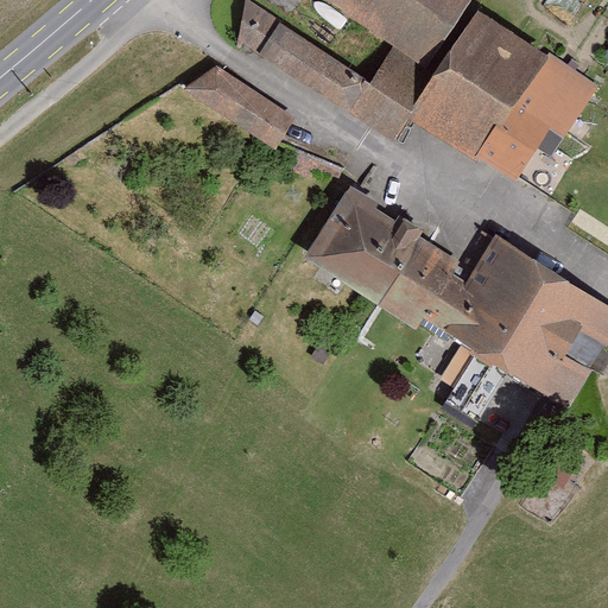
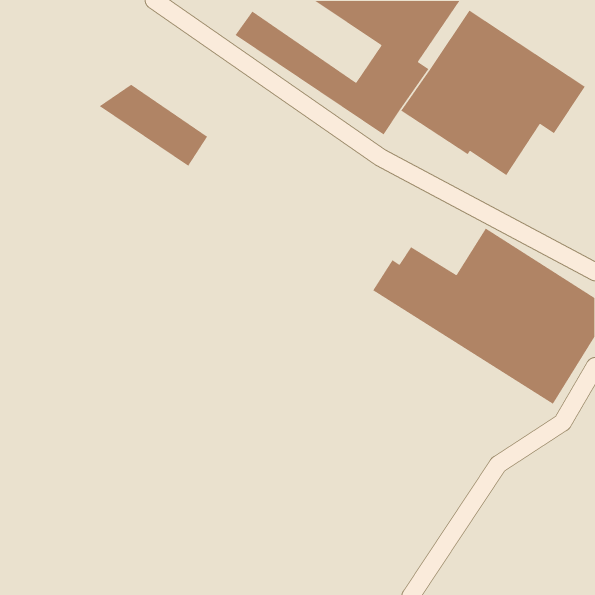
building: [183,63,294,147] -> [99,84,208,167]
building: [305,182,428,297] -> none

